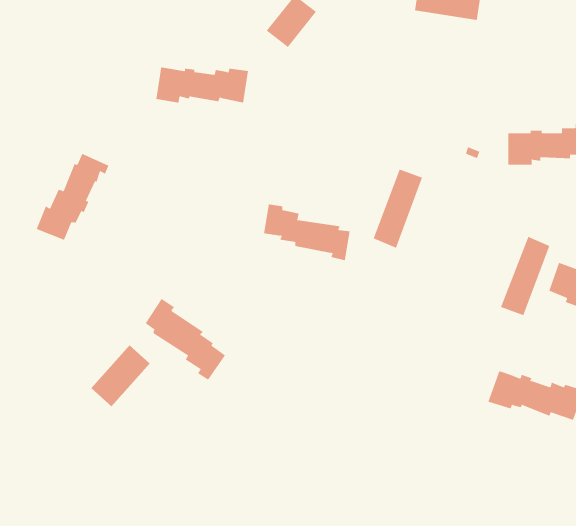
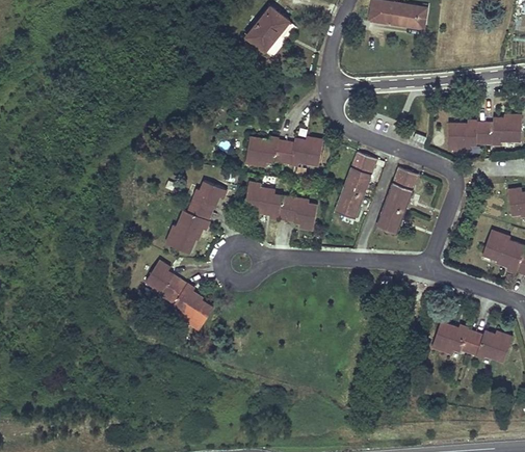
building: [155,67,249,103] -> [245,136,323,166]
building: [36,153,109,240] -> [165,181,227,254]
building: [500,236,550,316] -> [376,167,418,234]
building: [91,344,150,407] -> none

